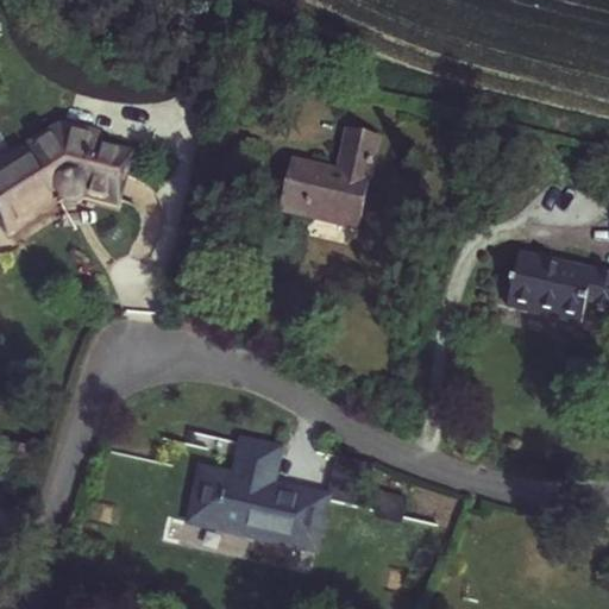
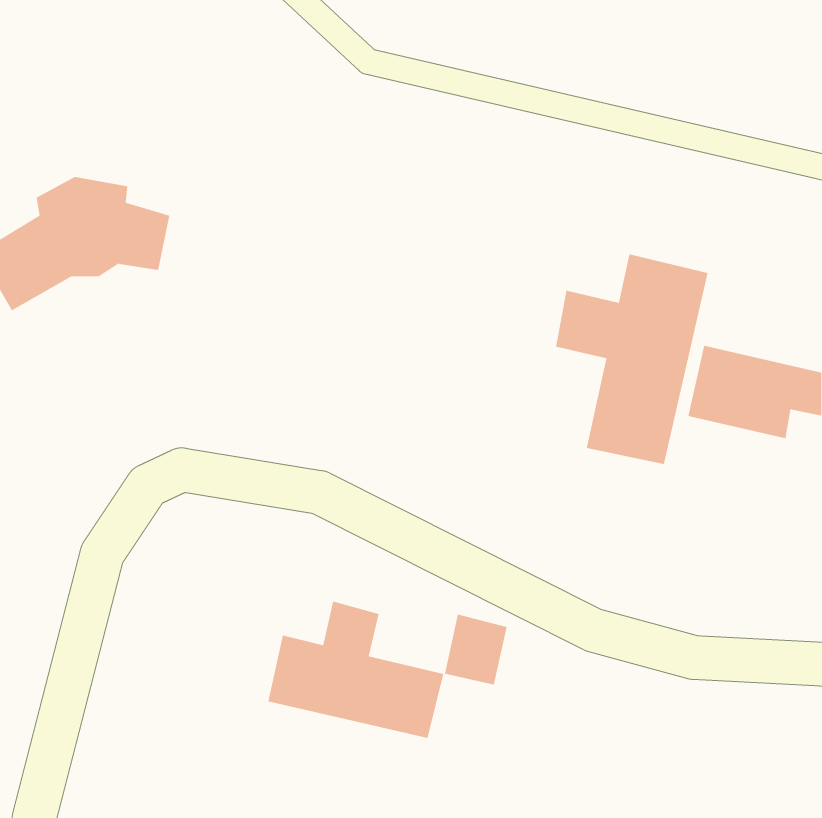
building: [281,123,377,225] -> none
building: none -> [556,254,708,465]

